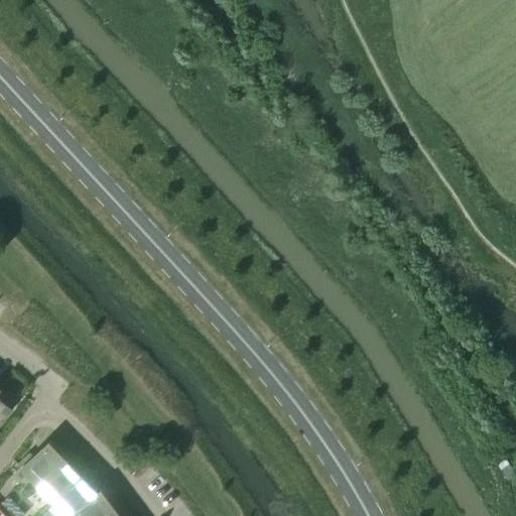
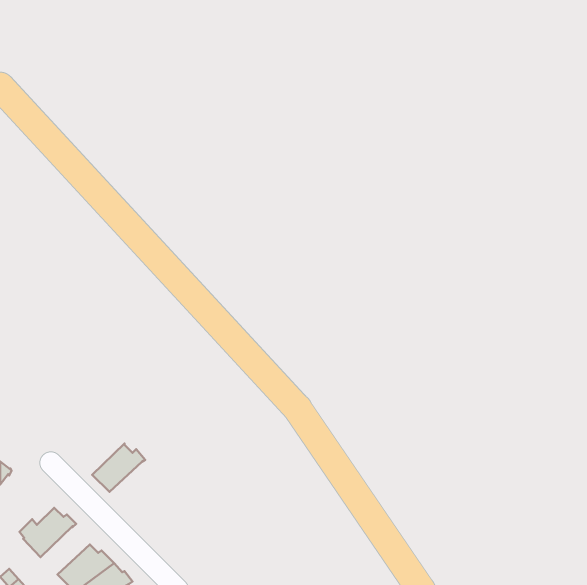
building: [37,464,84,506] -> [92,444,145,492]

